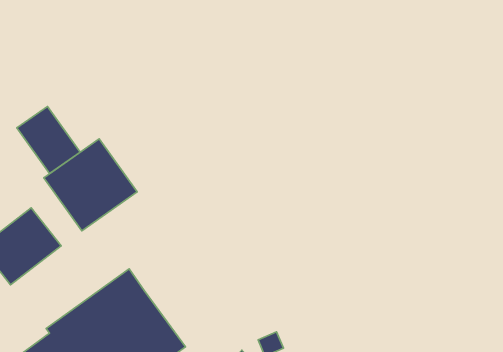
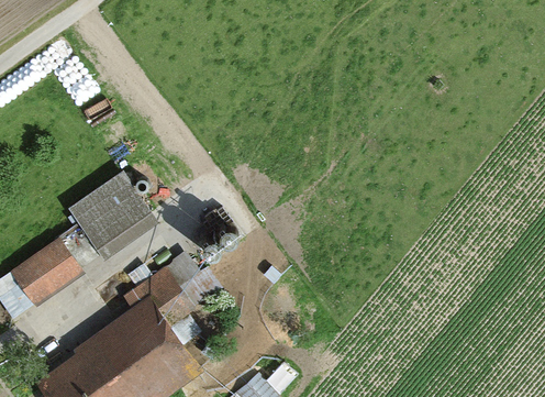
building: [17,106,80,174] -> none
building: none -> [138,254,201,316]

